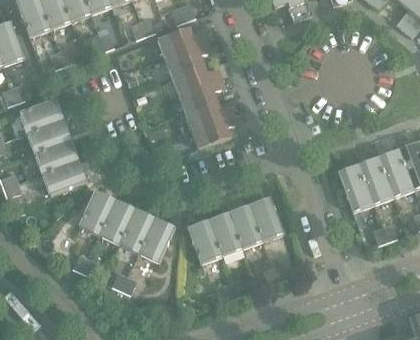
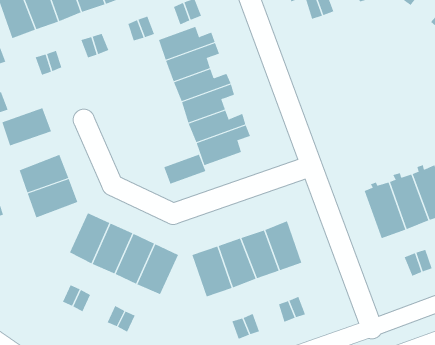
building: [27,118,71,152] -> none
building: none -> [163,154,206,185]

